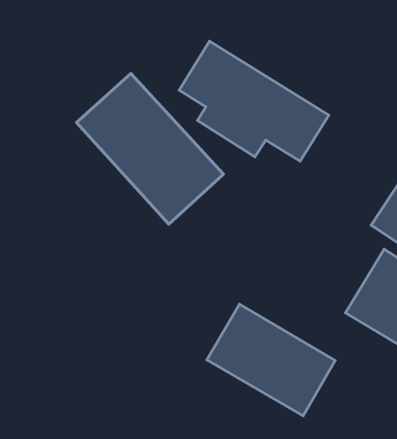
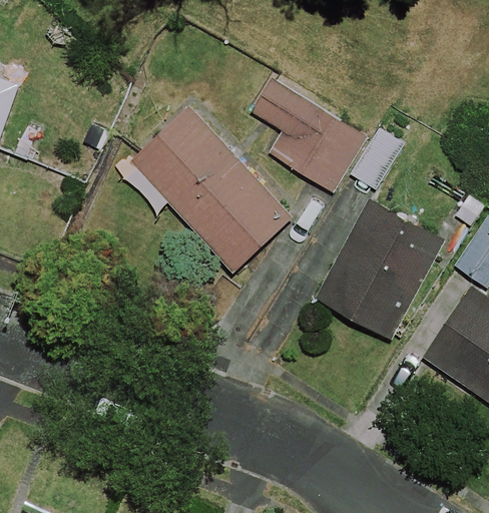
building: none -> [316,213,438,340]
building: [207,304,335,416] -> none

